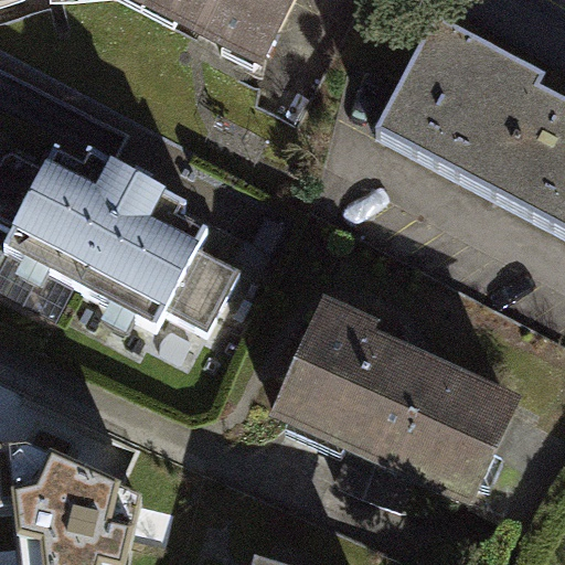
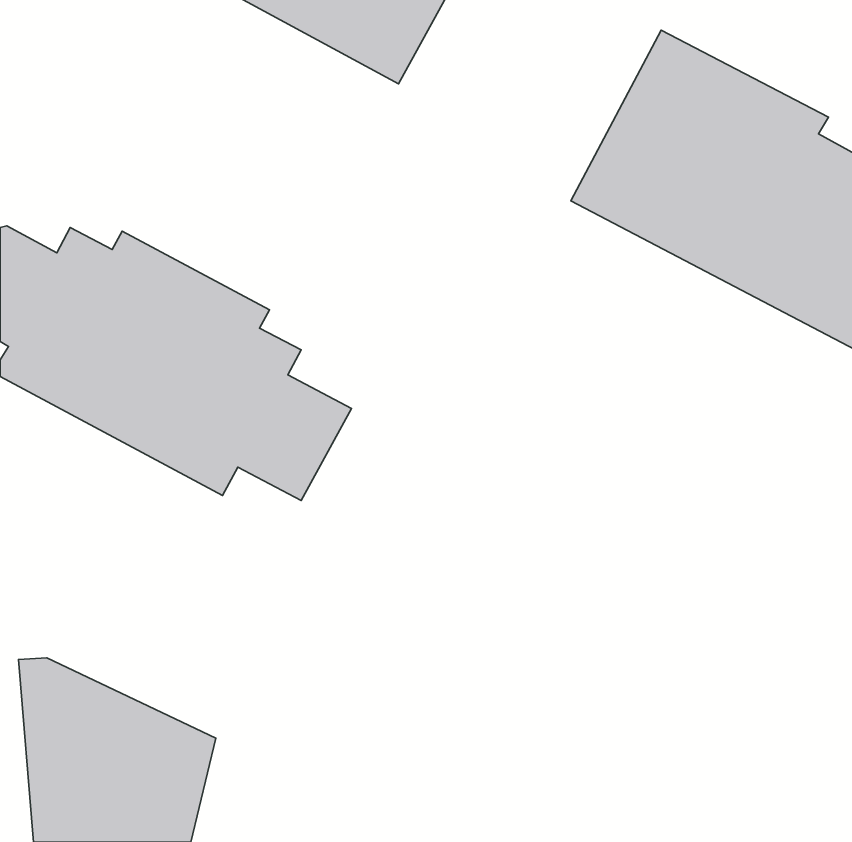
building: [270,309,508,508] -> none

